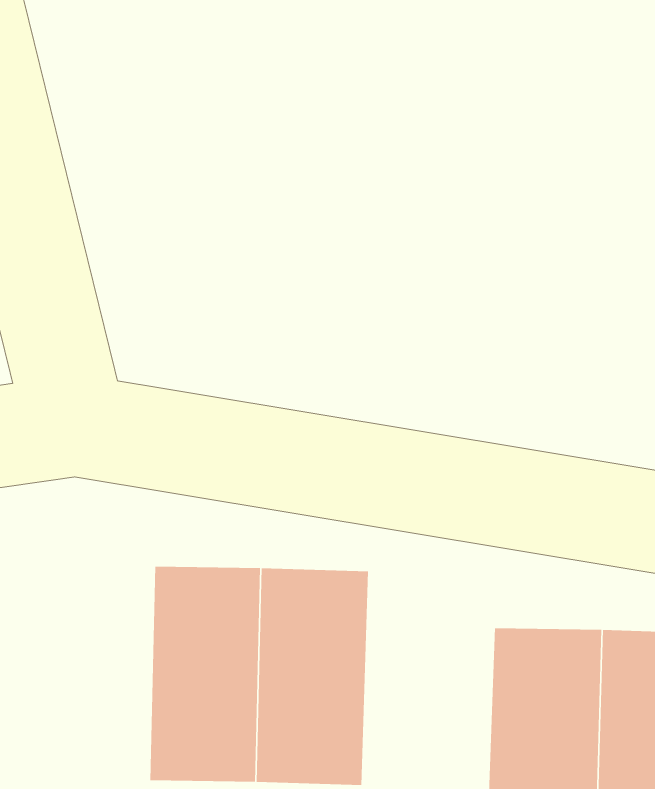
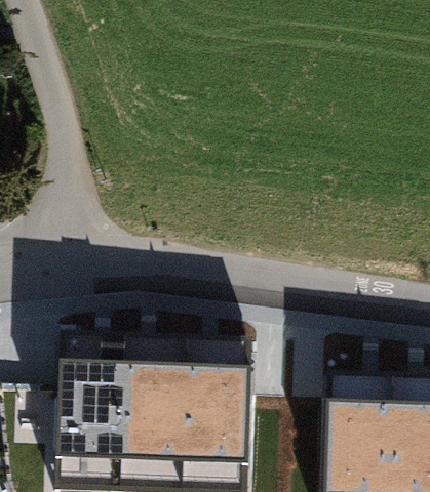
building: none -> [52,346,120,477]

